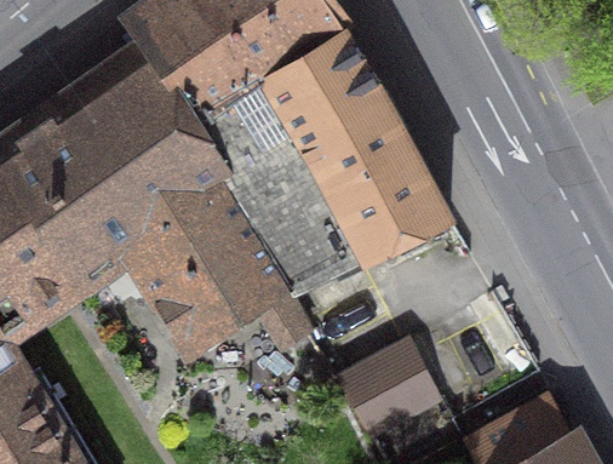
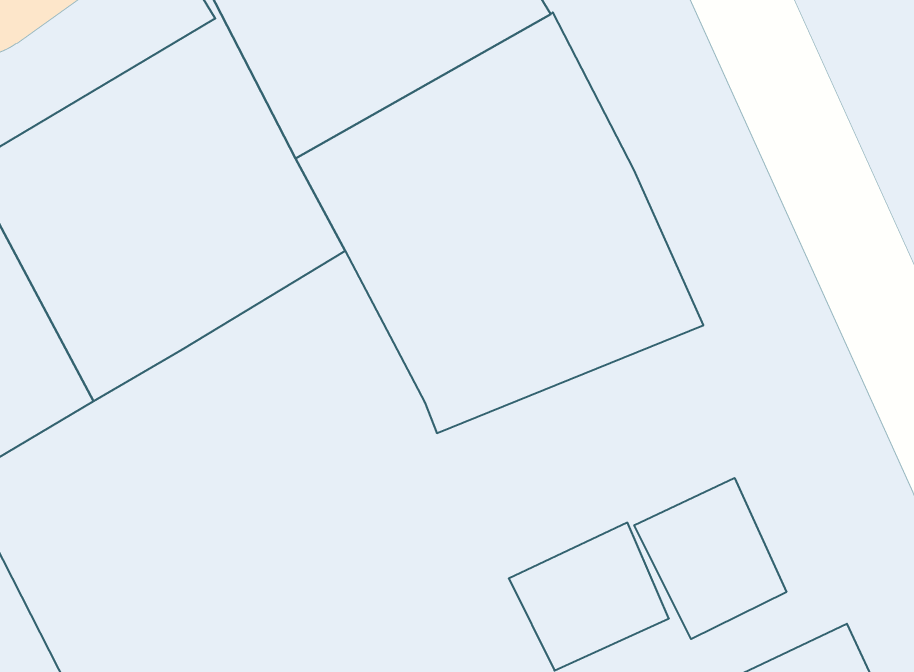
building: [133,184,310,346] -> none
building: none -> [634,478,786,639]

